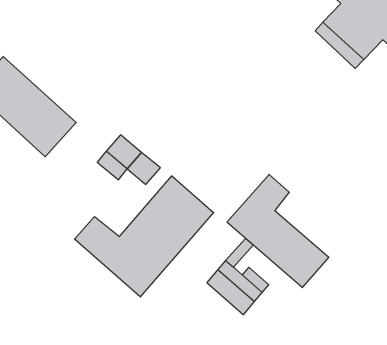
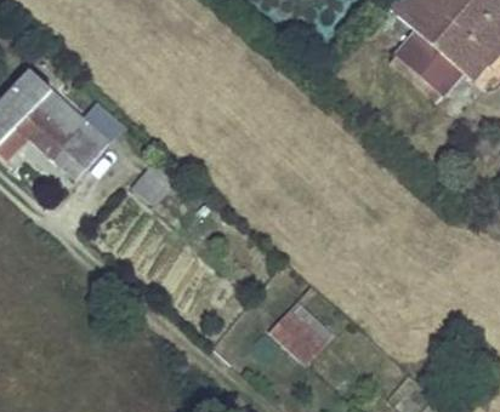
building: [227,174,329,288] -> none
building: [74,176,214,297] -> none

